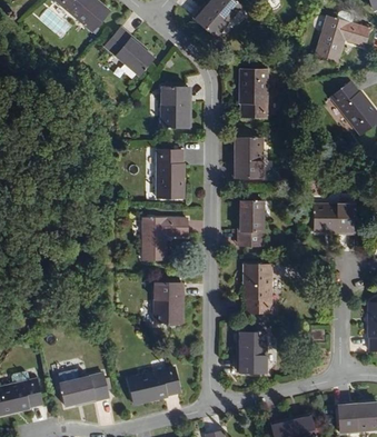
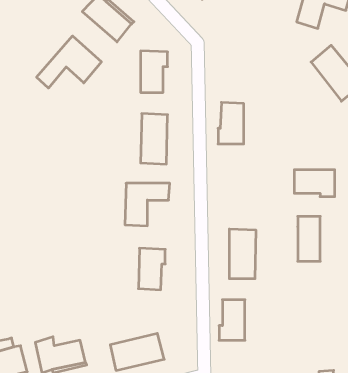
building: [245,67,270,116] -> none
building: none -> [37,36,101,88]
building: [242,199,265,244] -> [298,216,320,261]

